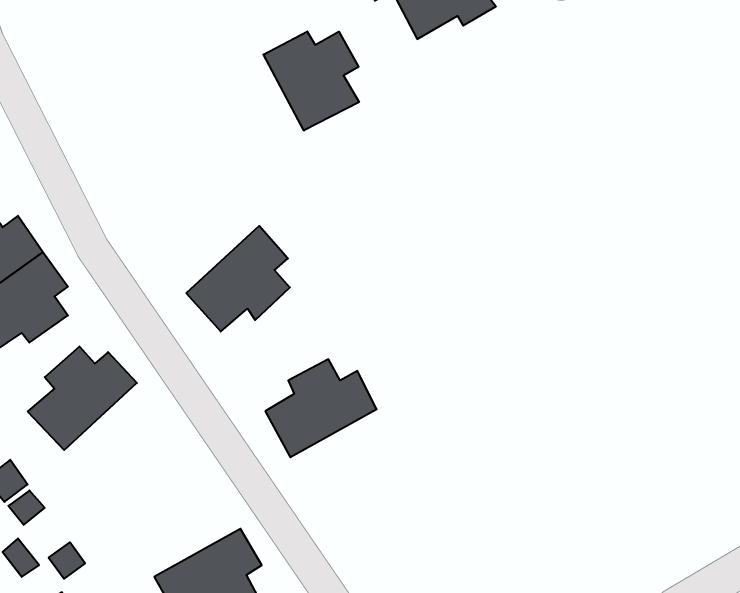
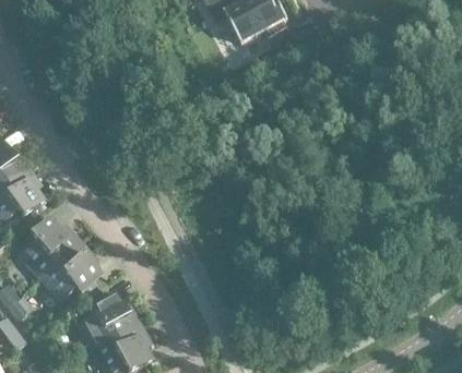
building: [263,31,359,131] -> none
building: [186,226,290,332] -> [39,238,98,298]
building: [265,359,377,457] -> [76,292,140,348]

